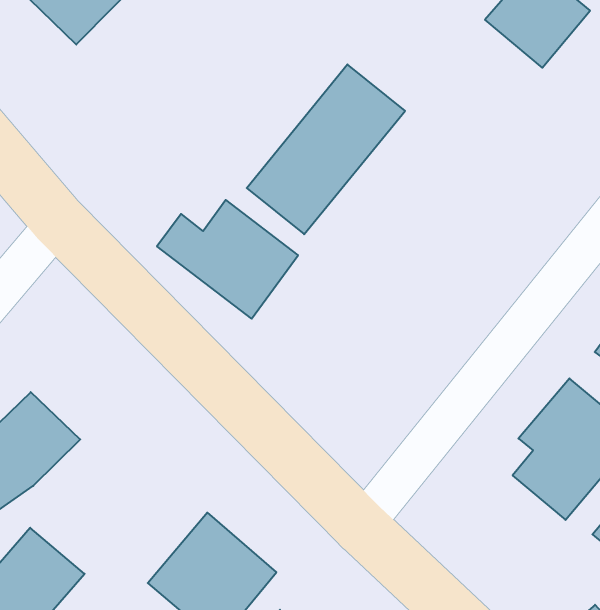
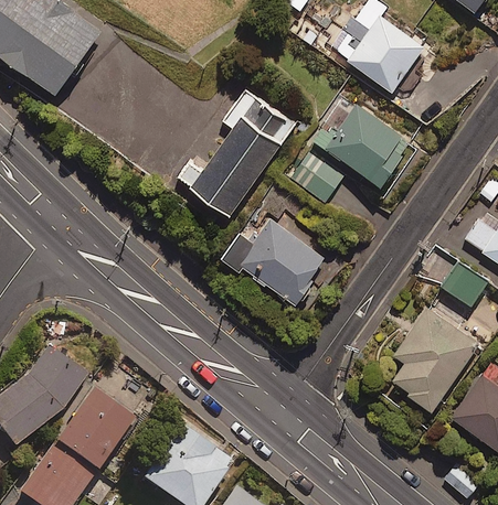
building: none -> [316,105,411,185]
building: none -> [292,150,346,203]
building: [157,200,298,319] -> [223,222,324,304]
building: none -> [53,390,133,472]

